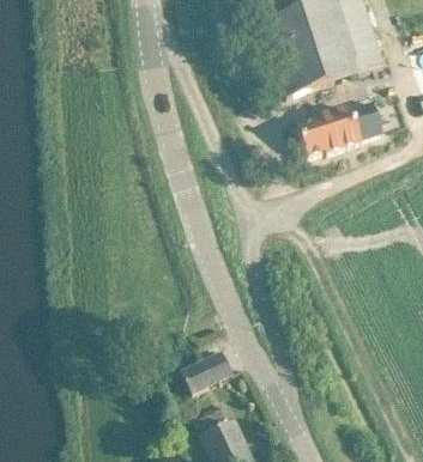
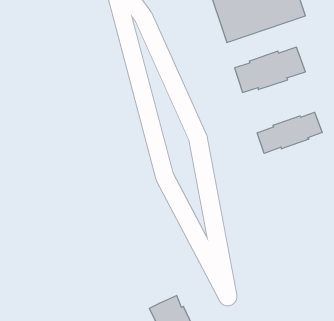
building: none -> [257,112,322,153]
building: [181,349,230,394] -> none

